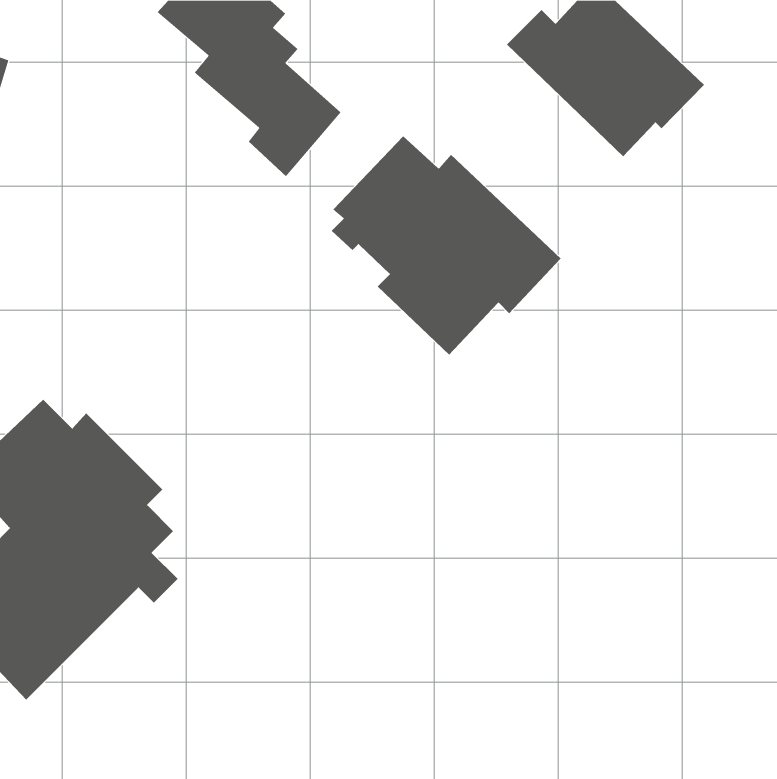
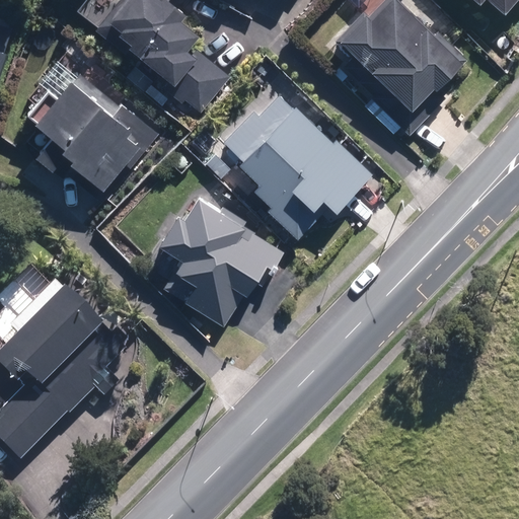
building: none -> [26,75,160,187]
building: none -> [156,193,280,328]

